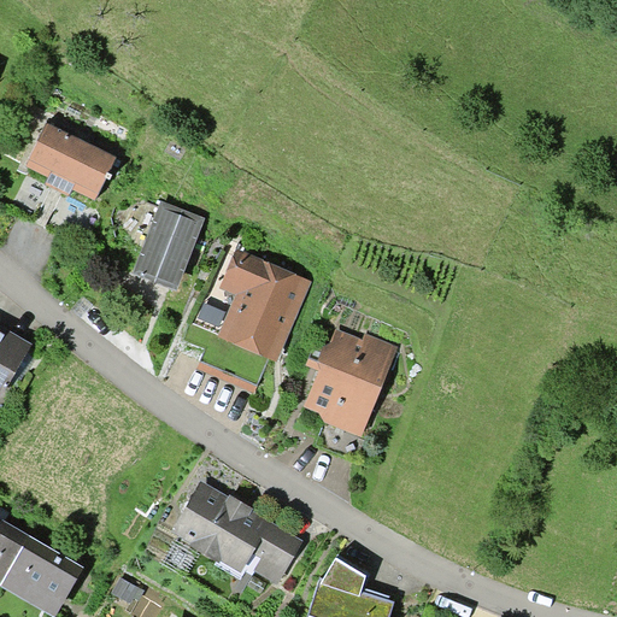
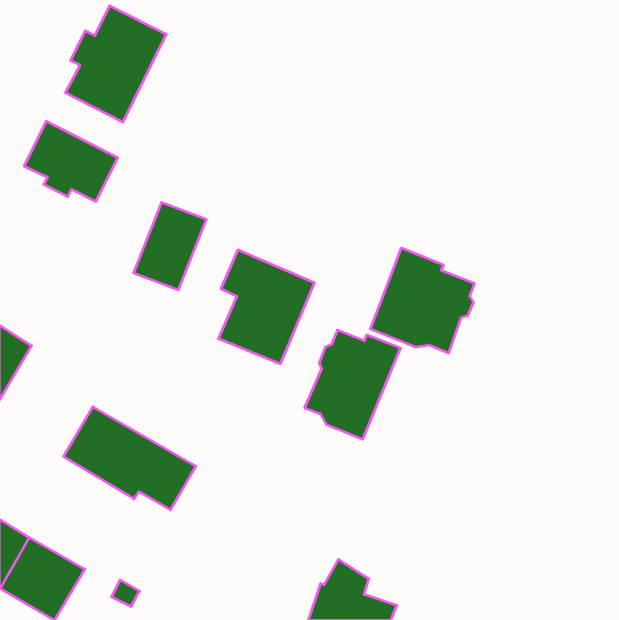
building: none -> [65,6,166,122]
building: none -> [371,248,474,353]
building: [171,481,302,583] -> [64,407,196,510]

